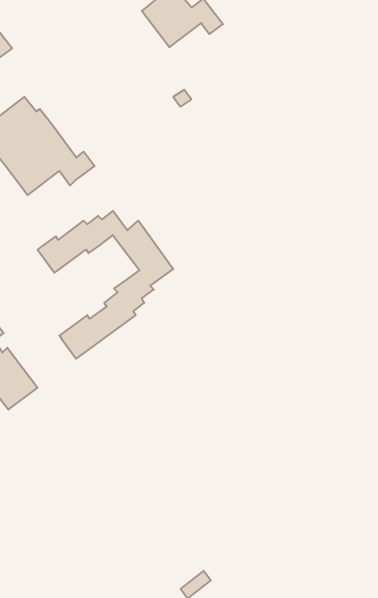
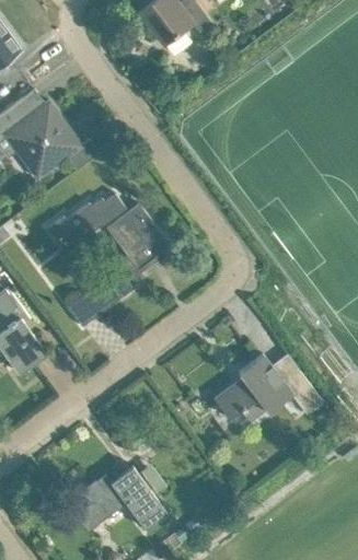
building: none -> [212,354,321,419]
building: none -> [66,466,166,532]

